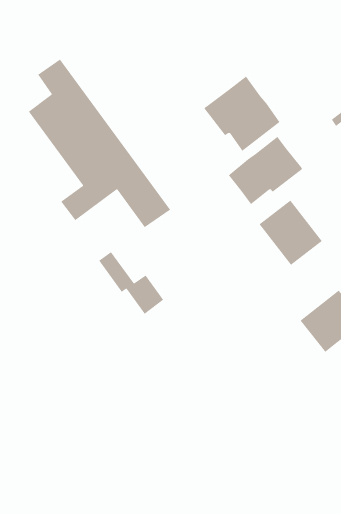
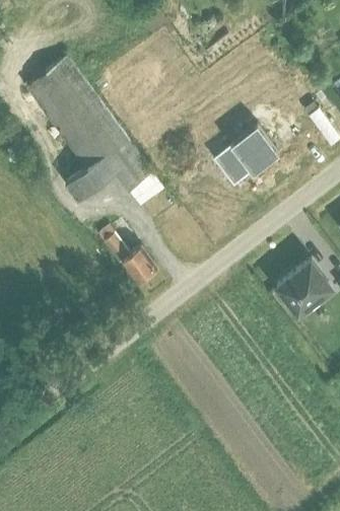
building: [204,76,281,152] -> none
building: [258,199,323,266] -> none

